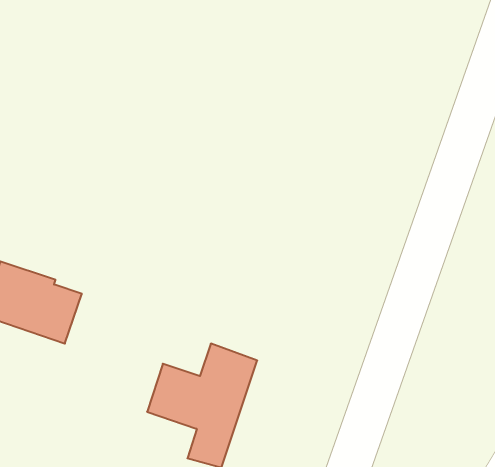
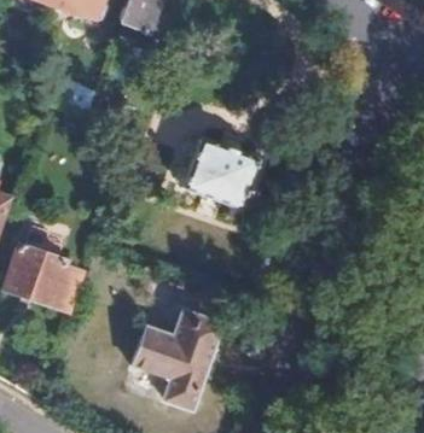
building: none -> [181,137,259,207]

